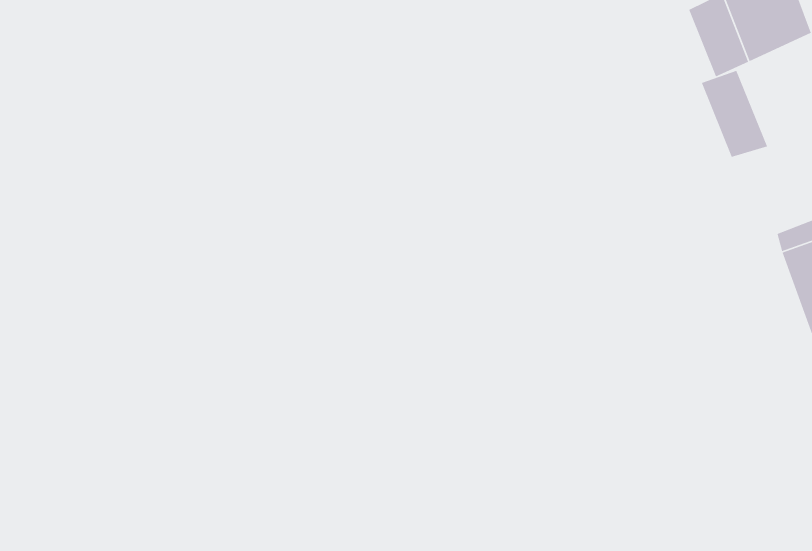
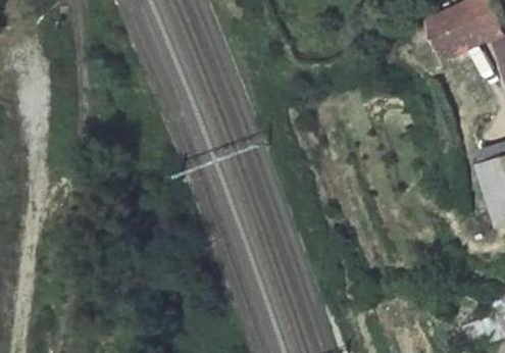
building: [701,70,768,158] -> none

